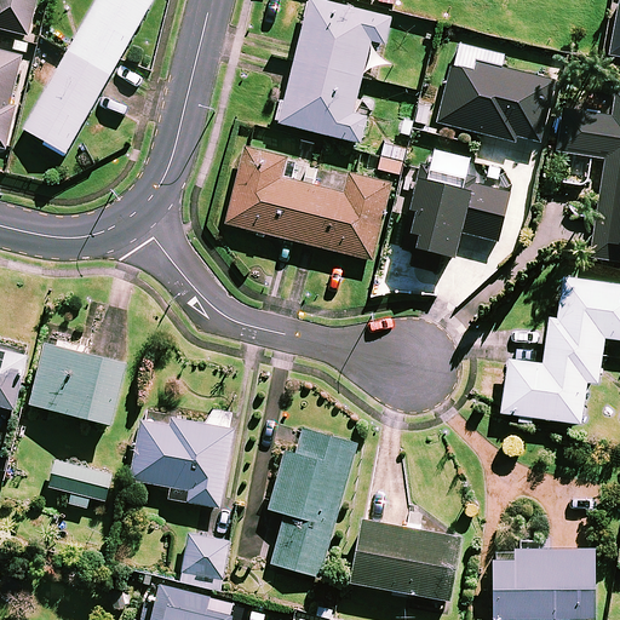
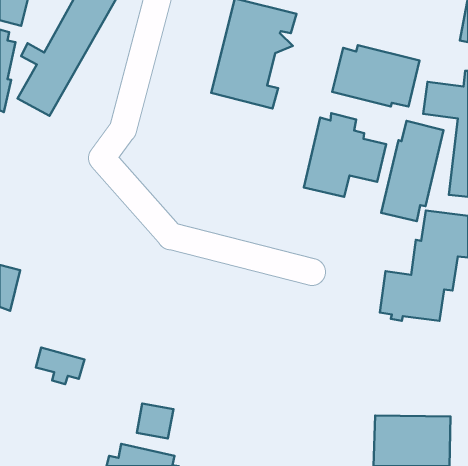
building: [225,145,391,259] -> none
building: none -> [381,121,443,221]
building: [29,343,127,426] -> none
building: [131,407,236,505] -> none
building: [270,430,356,575] -> none
building: [351,519,460,601] -> none

